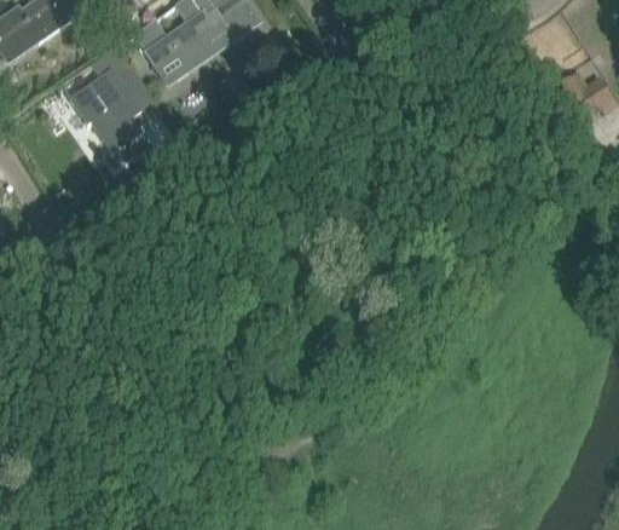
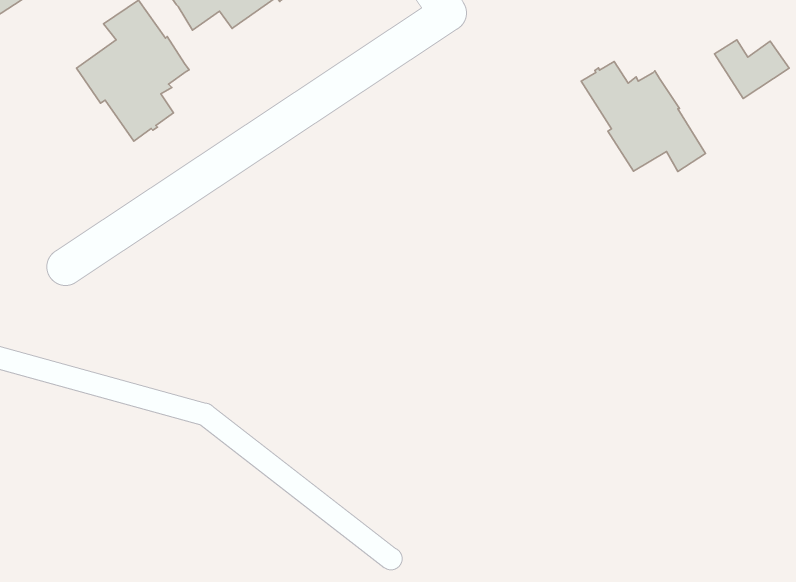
building: none -> [581,62,706,171]

